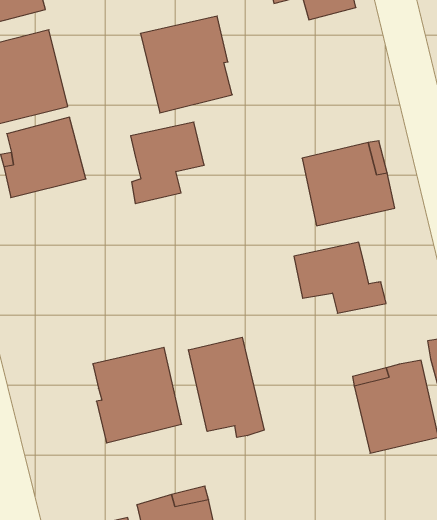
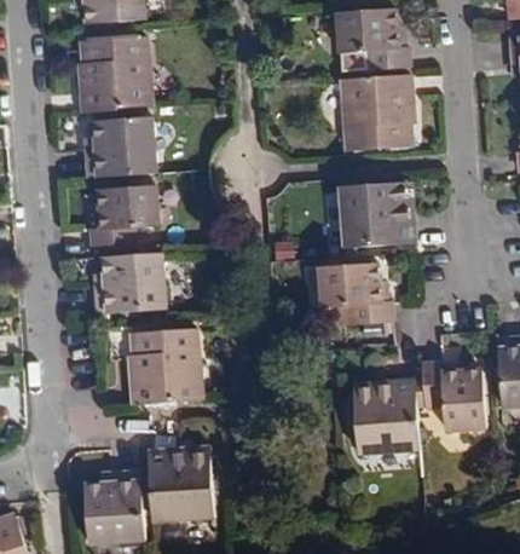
building: [140,16,232,113] -> [343,75,415,150]
building: [131,122,204,204] -> [91,186,156,248]
building: none -> [94,253,163,312]
building: [188,337,264,437] -> none

